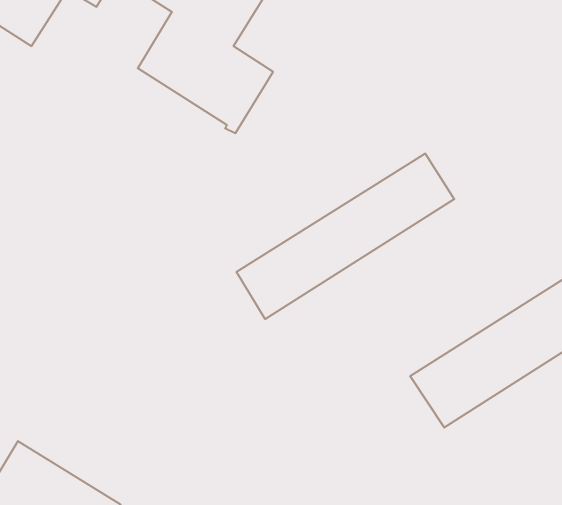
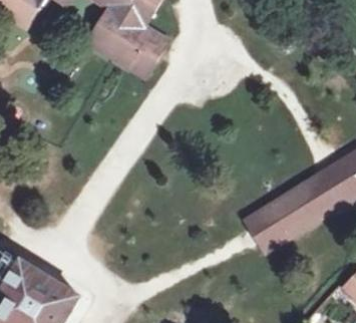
building: [237,153,454,319] -> none

